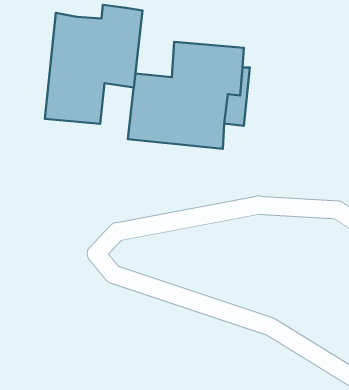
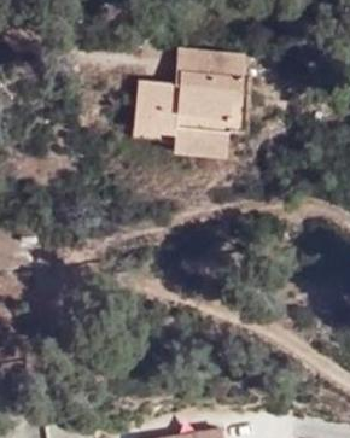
building: [45,5,142,124] -> none

